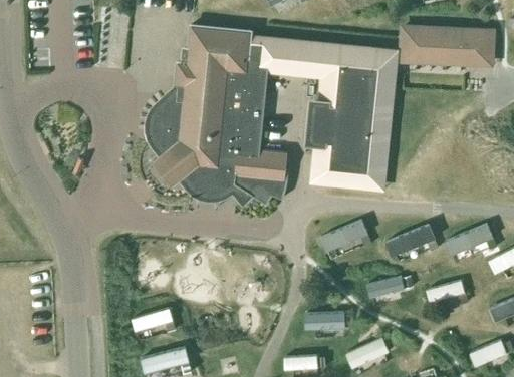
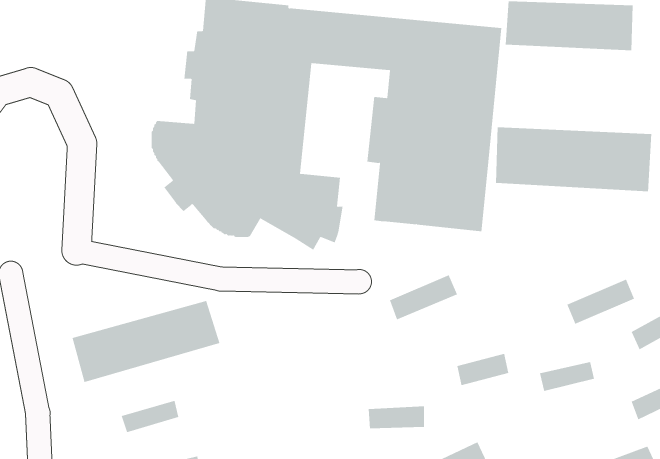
building: none -> [496,127,652,192]
building: [384,225,436,258] -> none
building: none -> [72,300,220,383]

